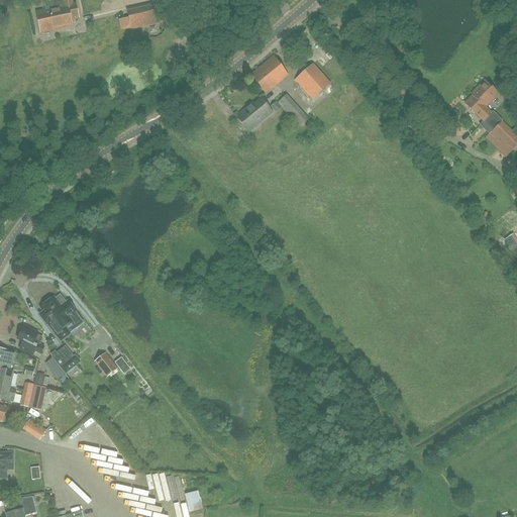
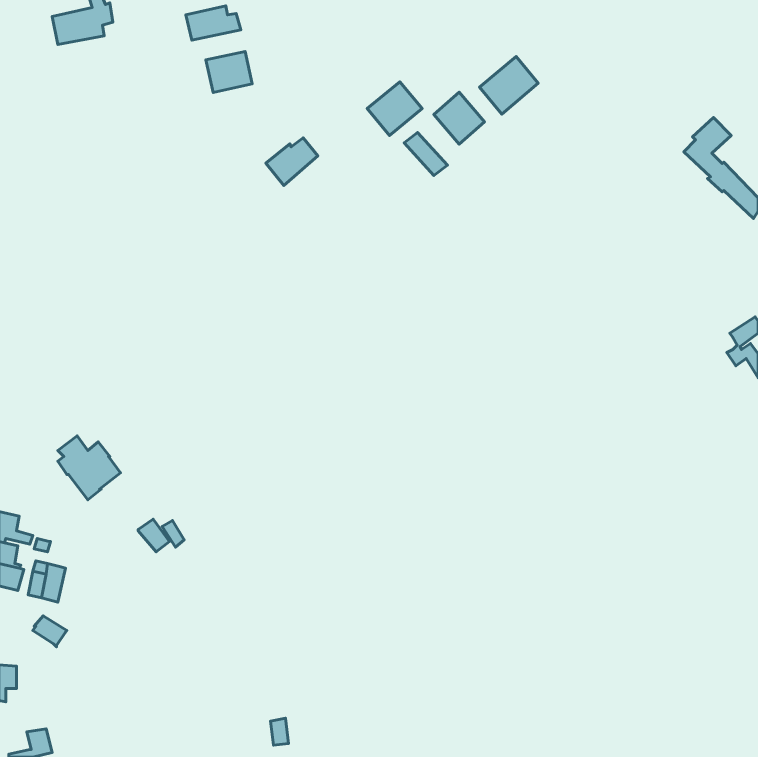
building: none -> [206,51,252,92]
building: none -> [480,56,538,114]
building: [235,98,271,130] -> [266,138,318,186]
building: [16,325,43,355] -> none
building: [49,345,79,373] -> none

